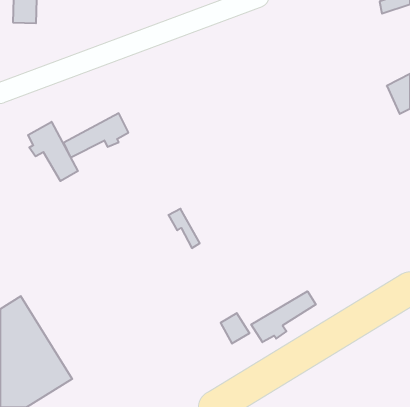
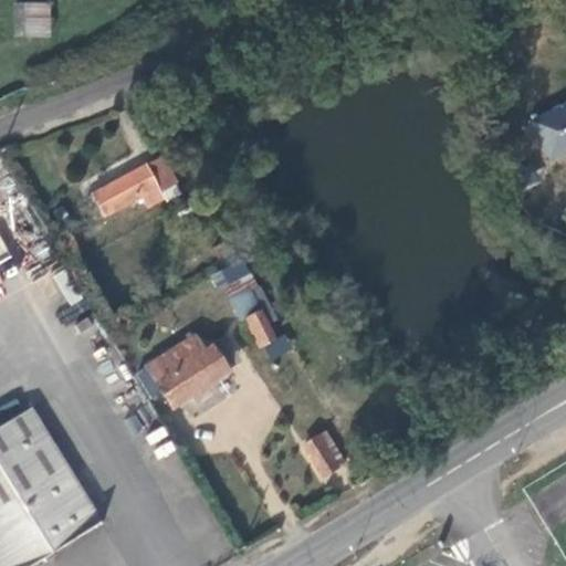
building: [28,122,78,181] -> none
building: none -> [140,335,227,402]
building: [251,291,316,342] -> none

